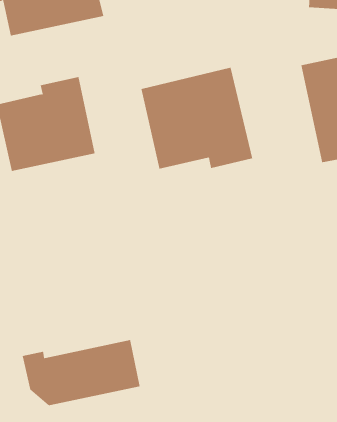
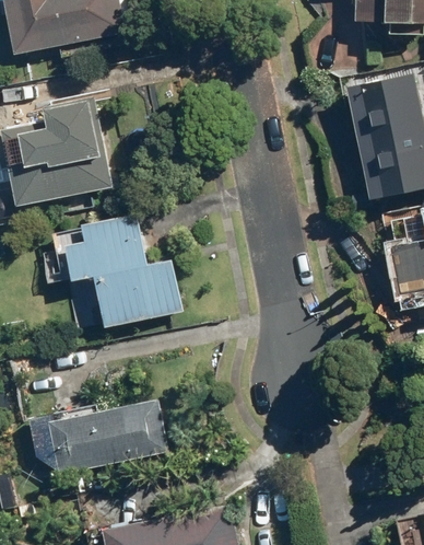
building: [141,67,253,169] -> none
building: none -> [52,212,181,329]

